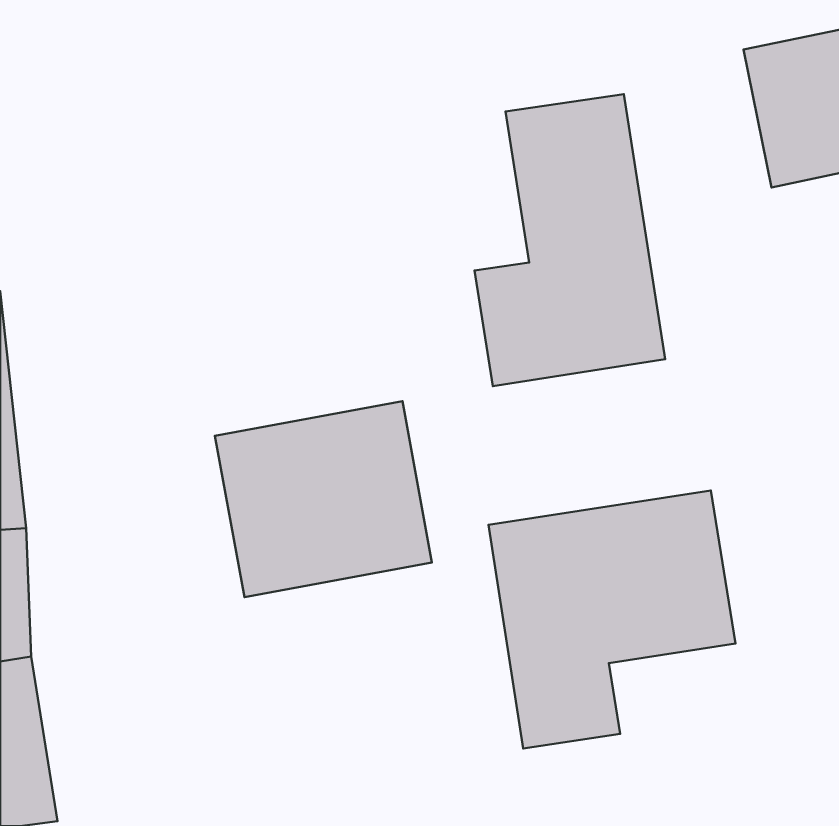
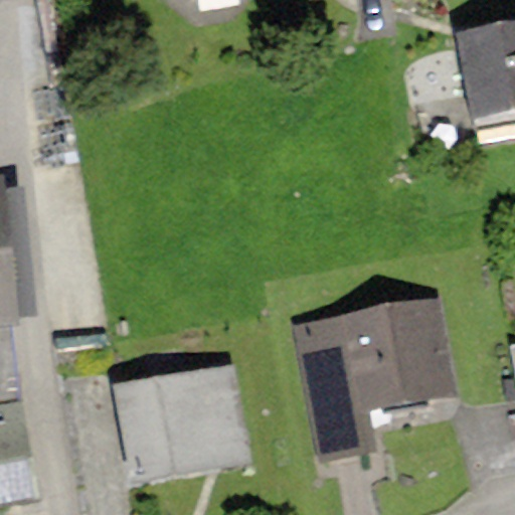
building: [474,94,665,386] -> none
building: [215,401,432,597] -> [114,364,246,484]

